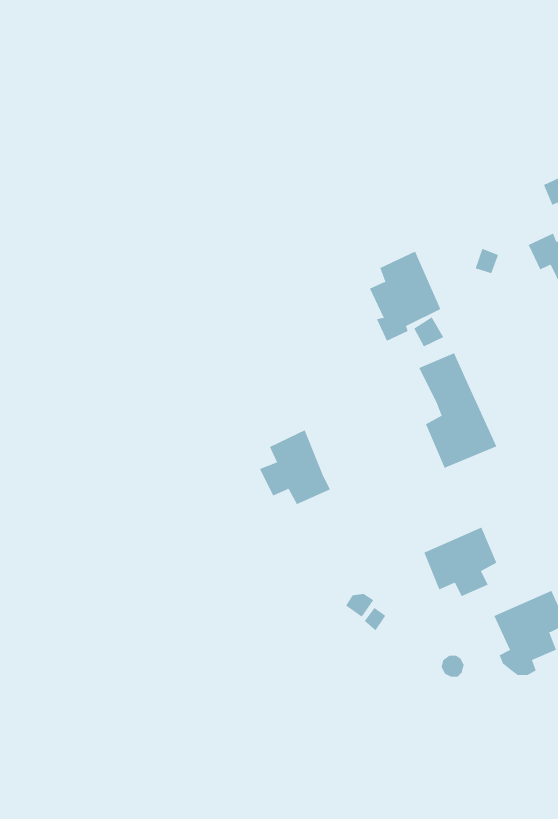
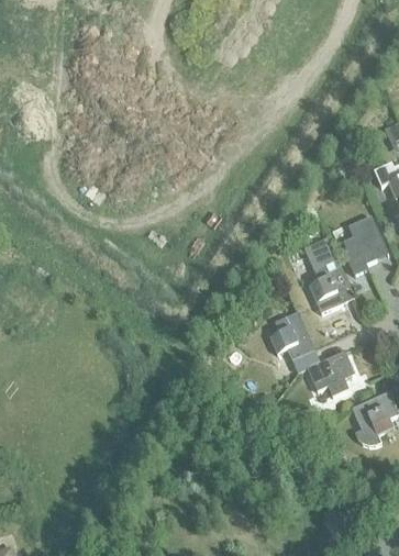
building: [369,251,441,341] -> [342,216,388,275]
building: [259,430,331,505] -> [268,311,314,359]

